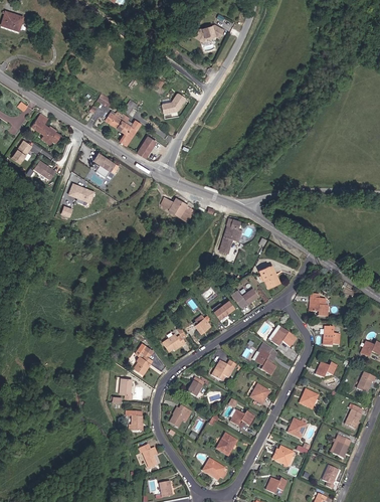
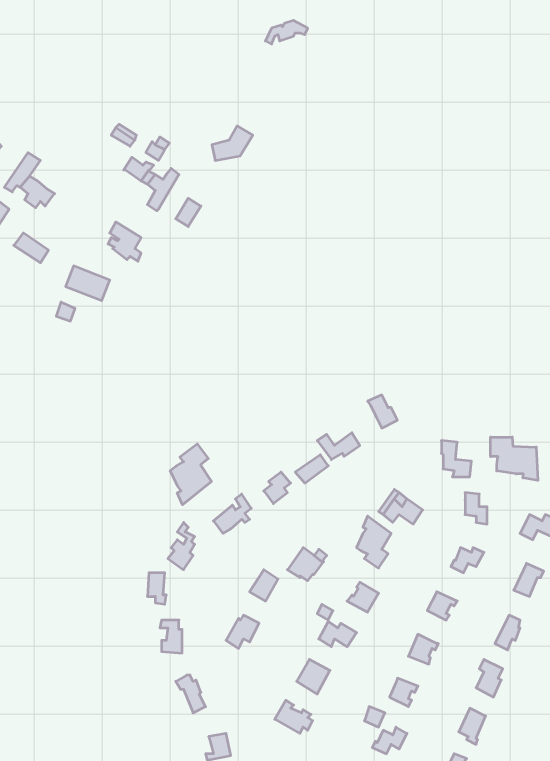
building: [161,198,195,219] -> none
building: [220,217,239,254] -> none
building: none -> [491,437,538,480]
building: none -> [170,444,211,505]

